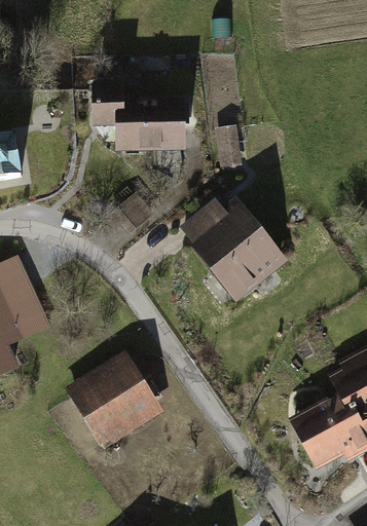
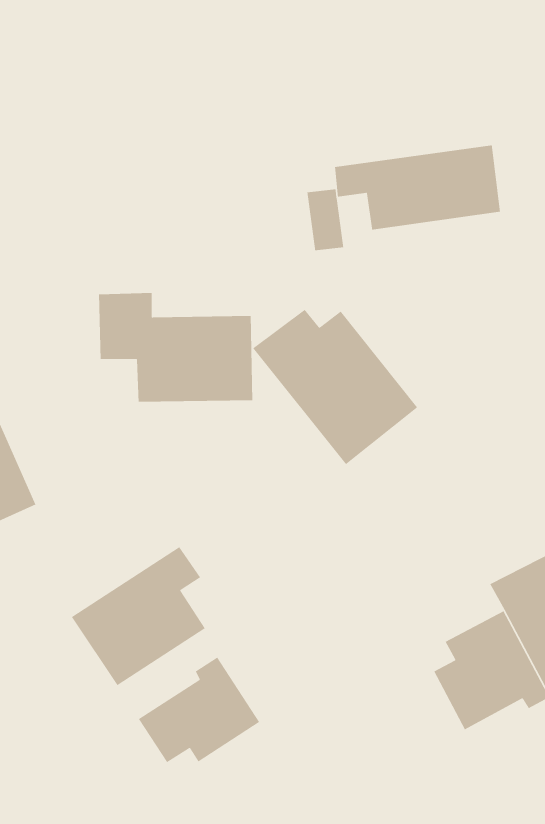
building: [90,83,187,152] -> [98,292,253,403]
building: none -> [334,144,501,231]
building: none -> [138,656,260,763]

